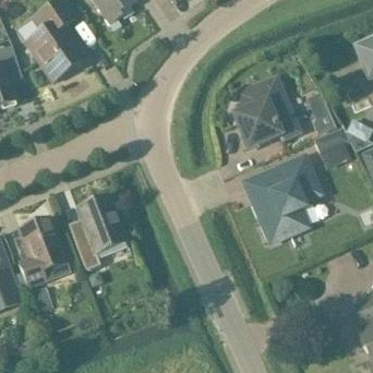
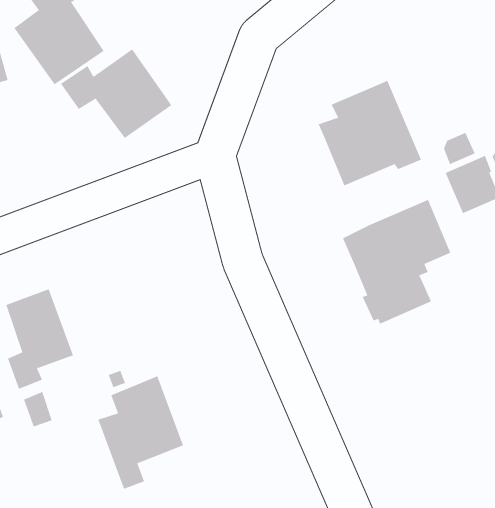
building: none -> [60,48,172,139]
building: [69,193,127,269] -> [98,376,184,490]

